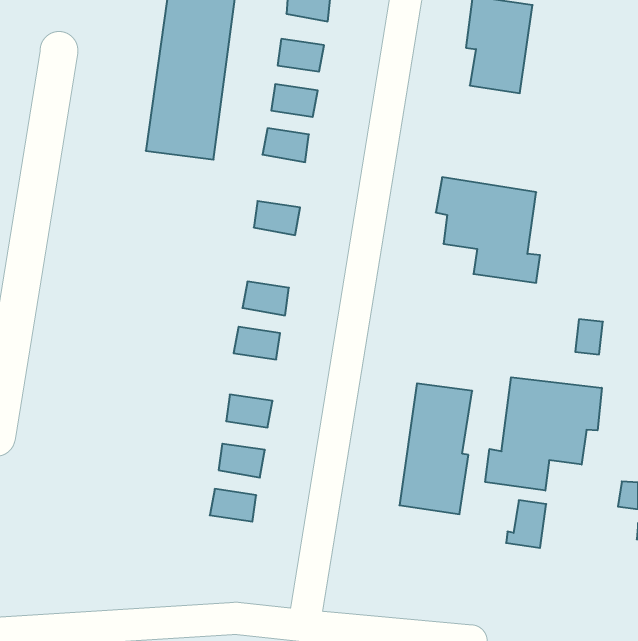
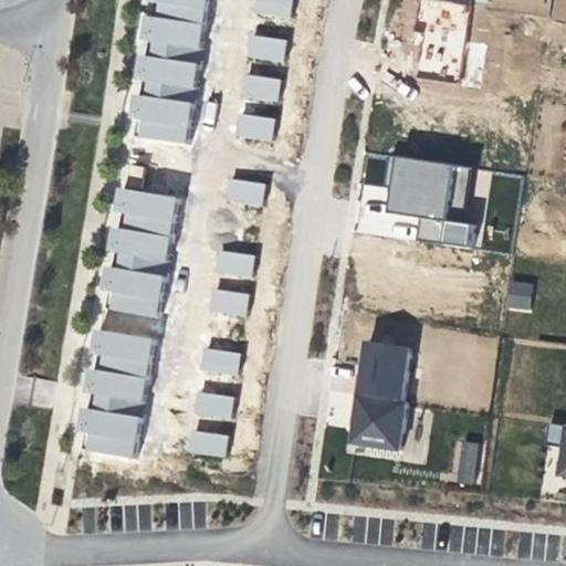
building: none -> [104,189,179,316]
building: none -> [78,329,155,457]
building: [485,377,602,491] -> none

